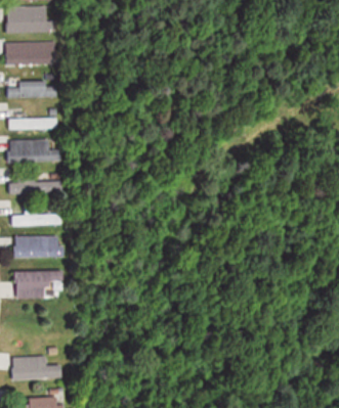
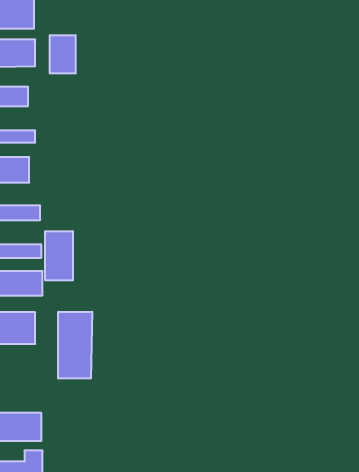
building: none -> [50,35,76,74]
building: none -> [45,231,73,280]
building: none -> [58,312,92,379]

